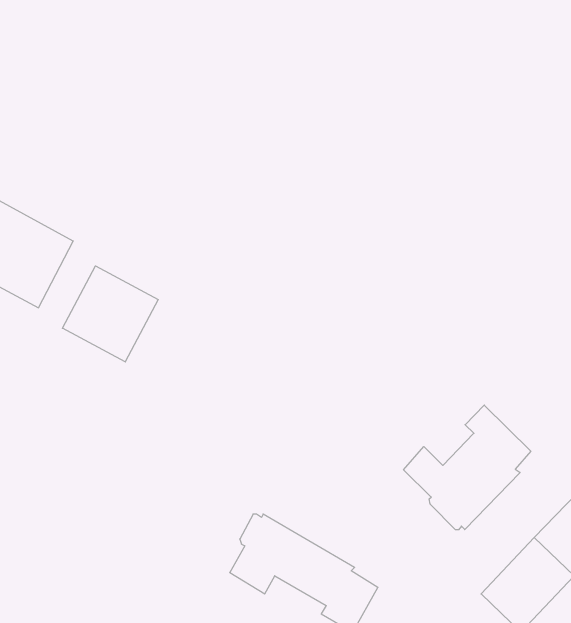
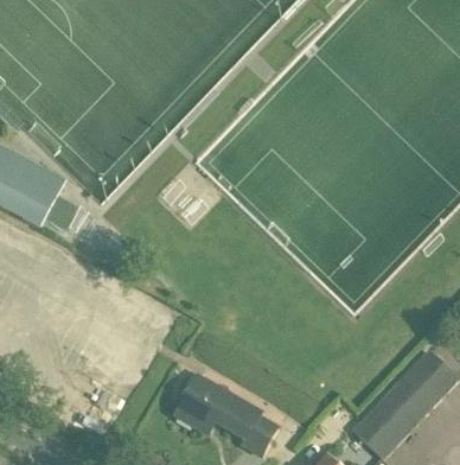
building: [62,266,158,362] -> none
building: [404,405,531,530] -> none

